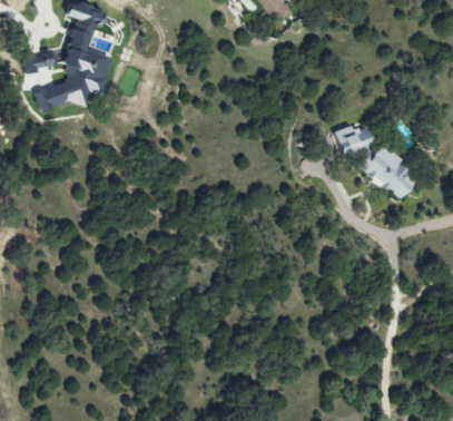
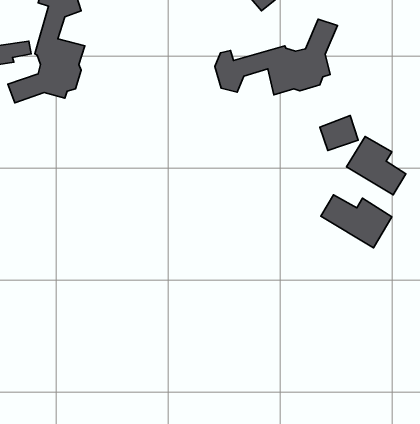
building: none -> [215,19,337,95]
building: none -> [321,195,392,248]

